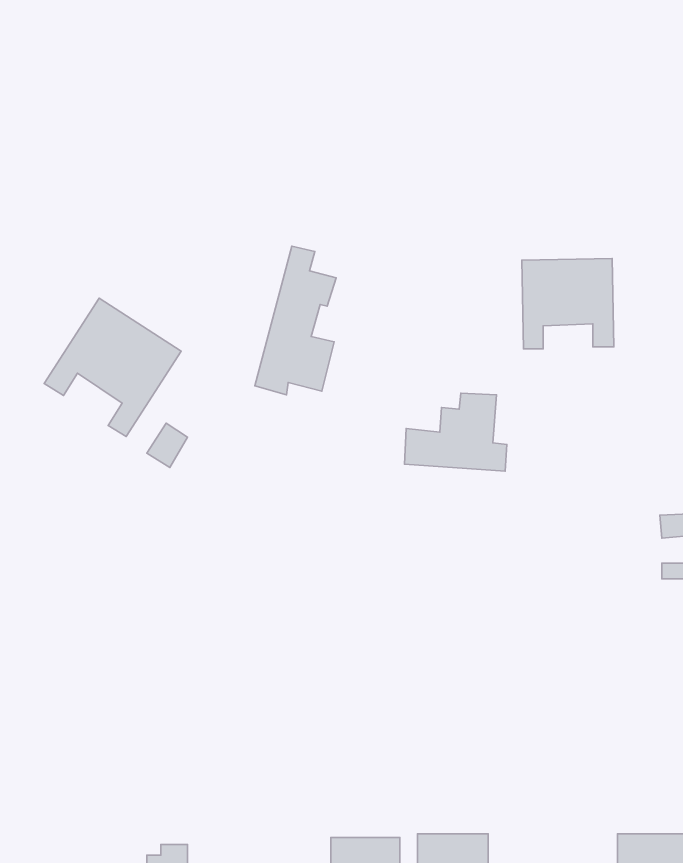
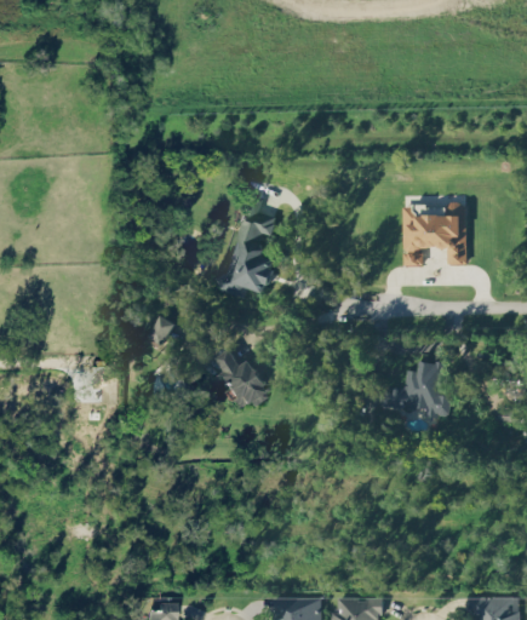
building: [44,298,181,437] -> none
building: [404,393,507,471] -> [382,362,452,415]
building: none -> [211,351,270,412]

